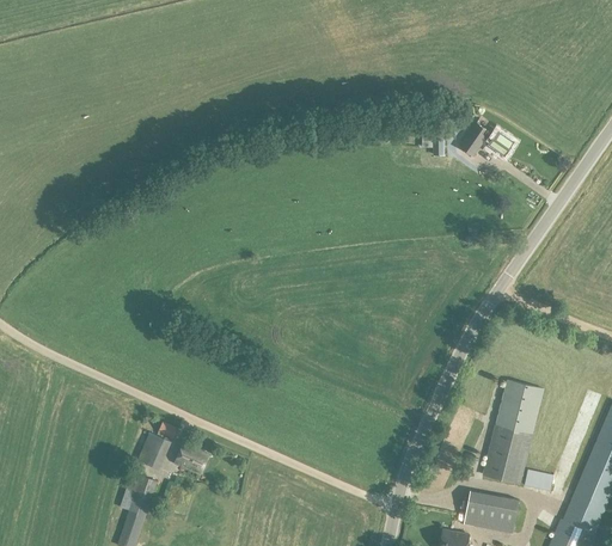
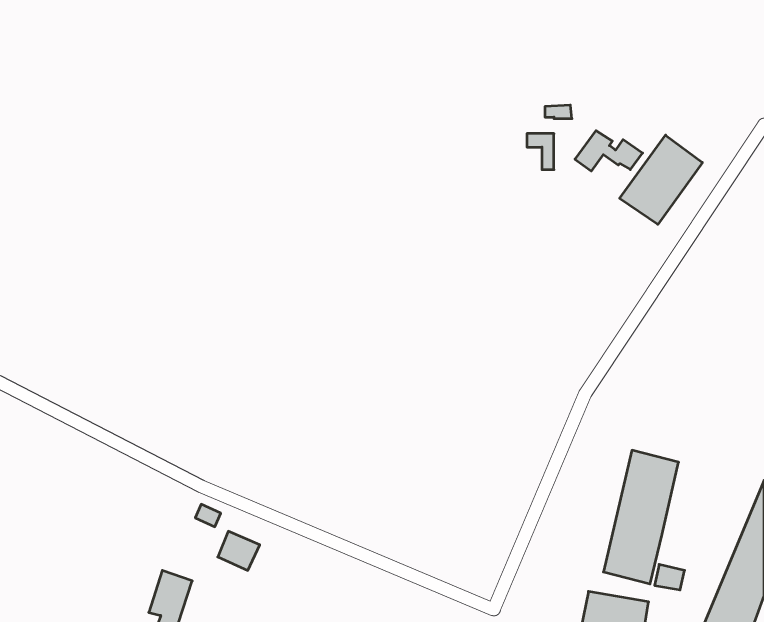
building: none -> [620,135,702,224]
building: [137,432,172,471] -> none

